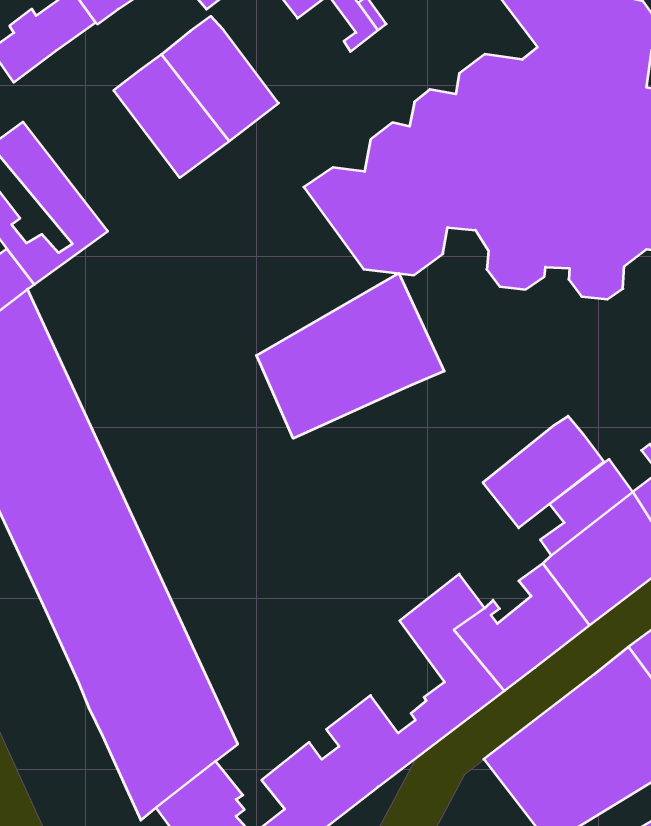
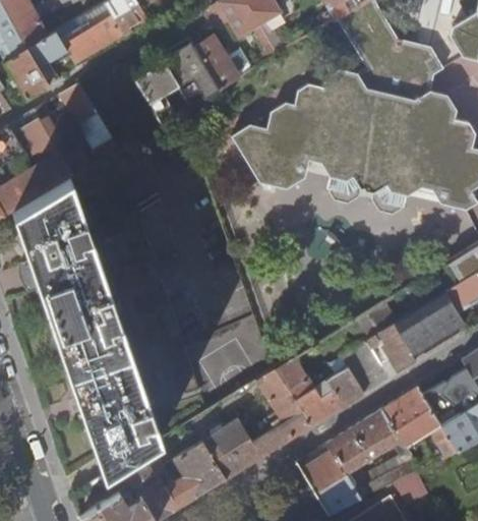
building: none -> [194,34,251,88]
building: [256,273,444,438] -> none
building: [483,416,604,528] -> none

